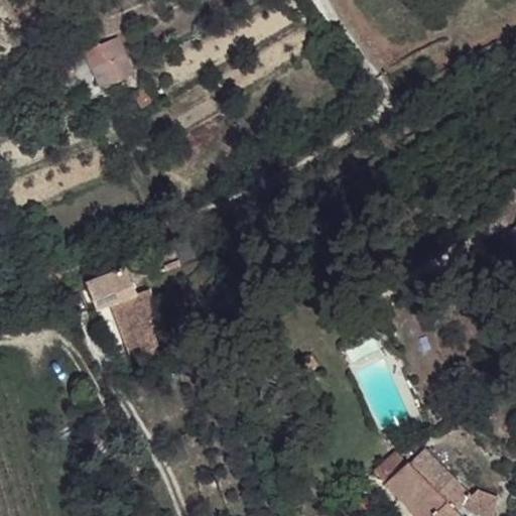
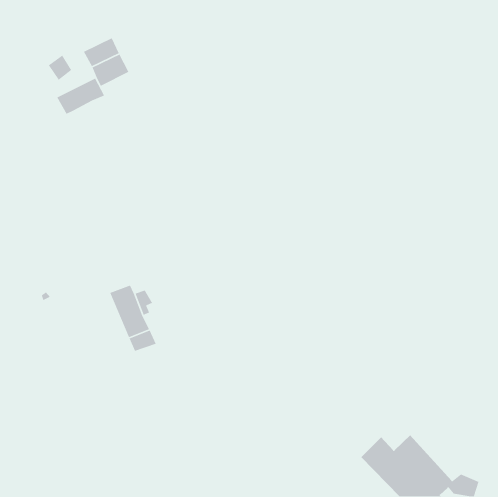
building: none -> [56,77,105,115]
building: [87,266,135,307] -> none

